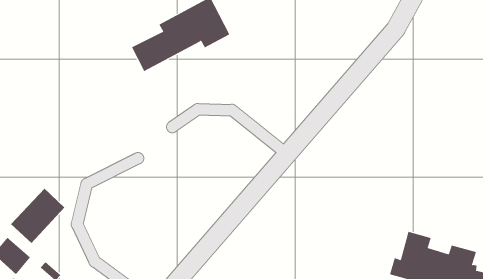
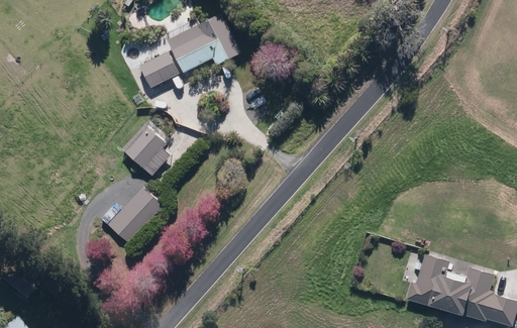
building: none -> [122,122,183,182]
building: [10,188,65,244] -> [107,187,164,244]

